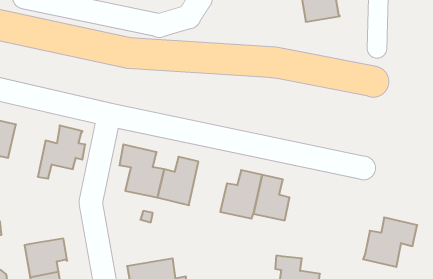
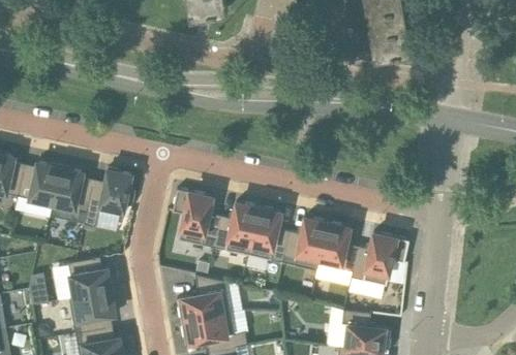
building: none -> [49,167,91,224]
building: none -> [247,207,289,262]
building: none -> [67,258,111,297]
building: [363,217,417,267] -> [350,232,408,286]
building: none -> [176,275,230,321]

